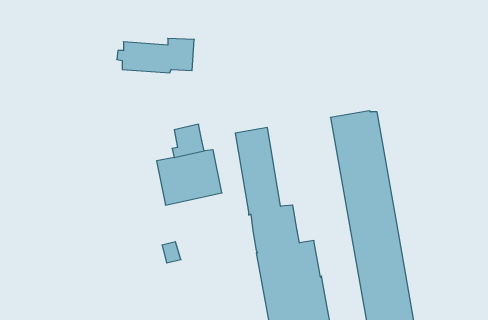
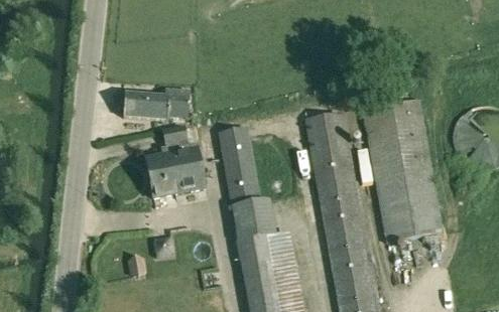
building: [117,38,194,73] -> [119,88,190,119]
building: none -> [362,98,444,242]

